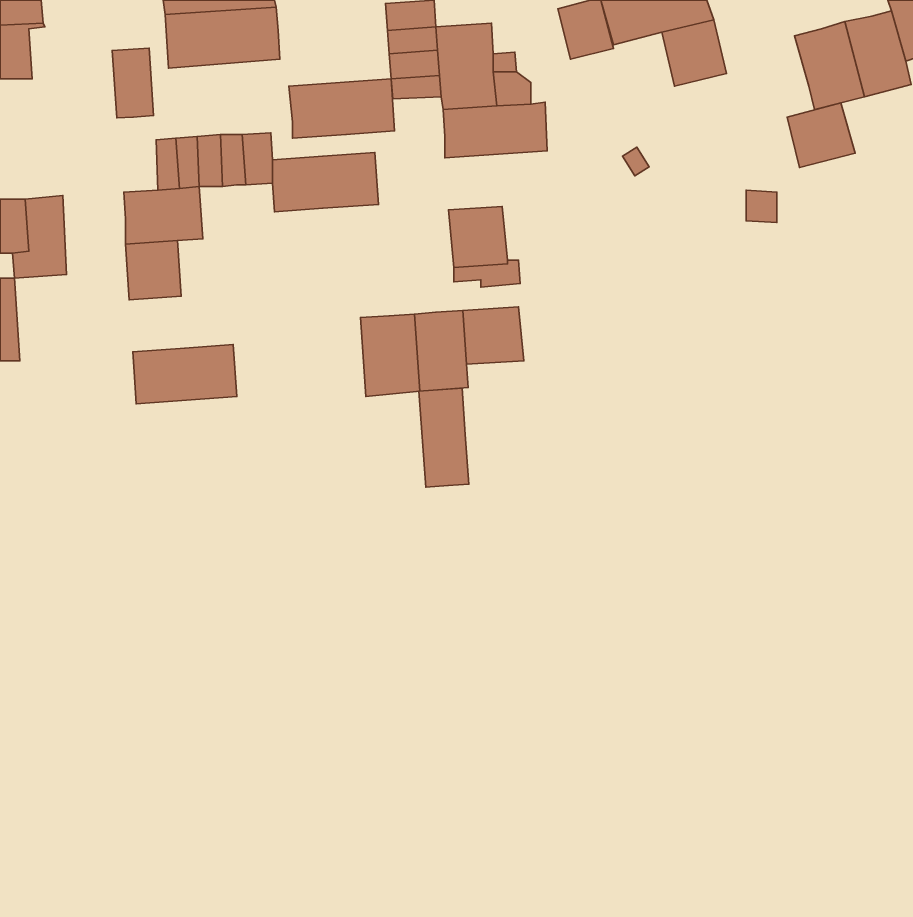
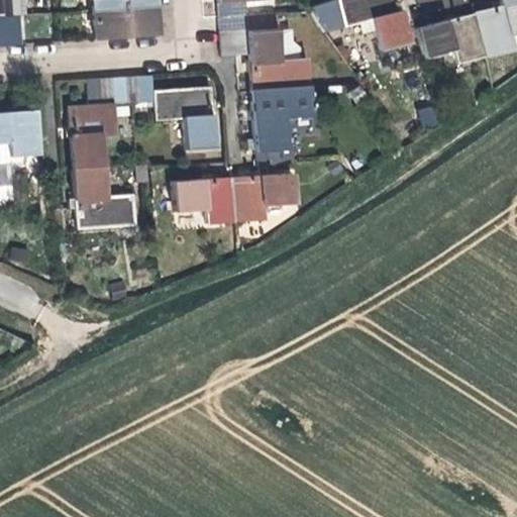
building: [112,48,154,118] -> none
building: [289,79,395,138] -> [252,85,312,118]
building: [787,103,855,167] -> [419,20,457,57]
building: none -> [184,115,217,148]
building: none -> [75,167,106,198]
building: none -> [176,179,207,211]
building: [419,388,469,487] -> none

